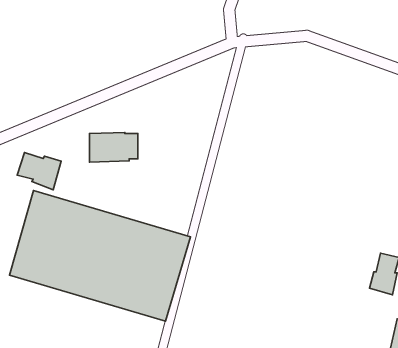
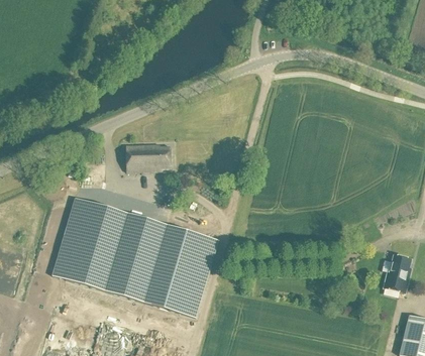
building: [17,152,61,190] -> none

